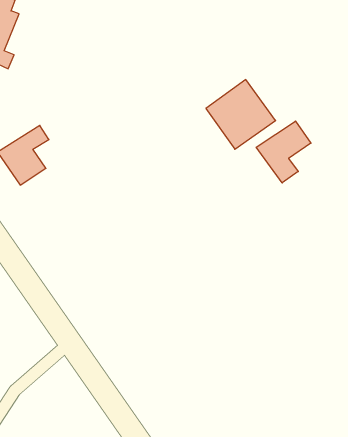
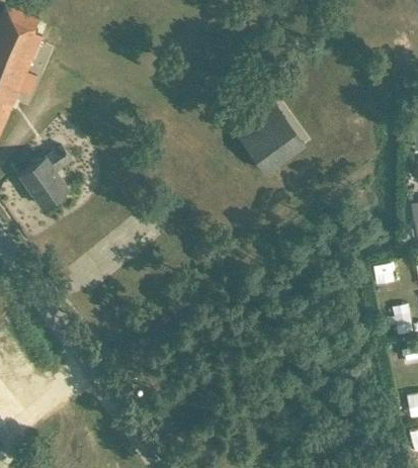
building: [256,121,311,183] -> none

